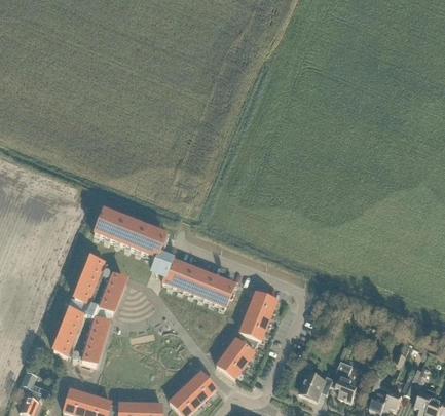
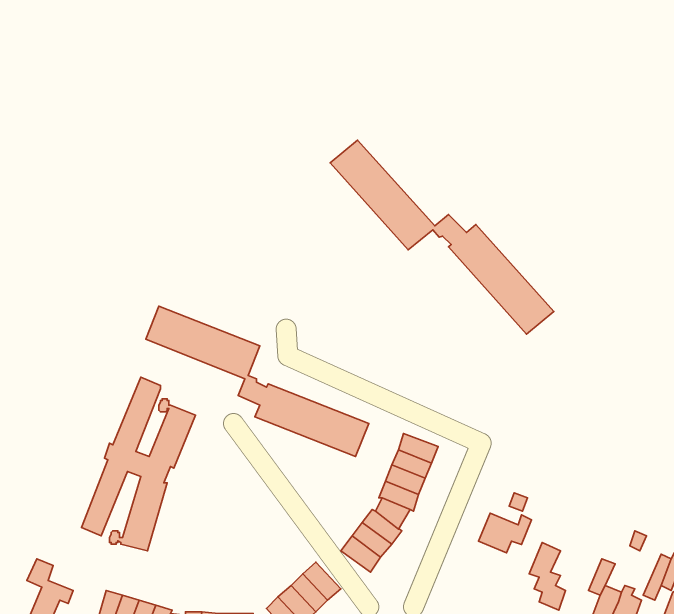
building: none -> [330,140,554,334]
building: [300,373,333,398] -> [479,513,531,553]

